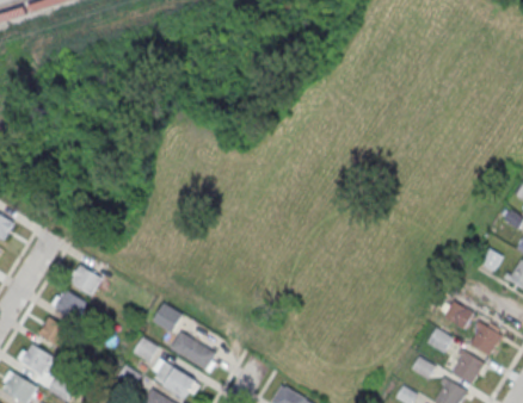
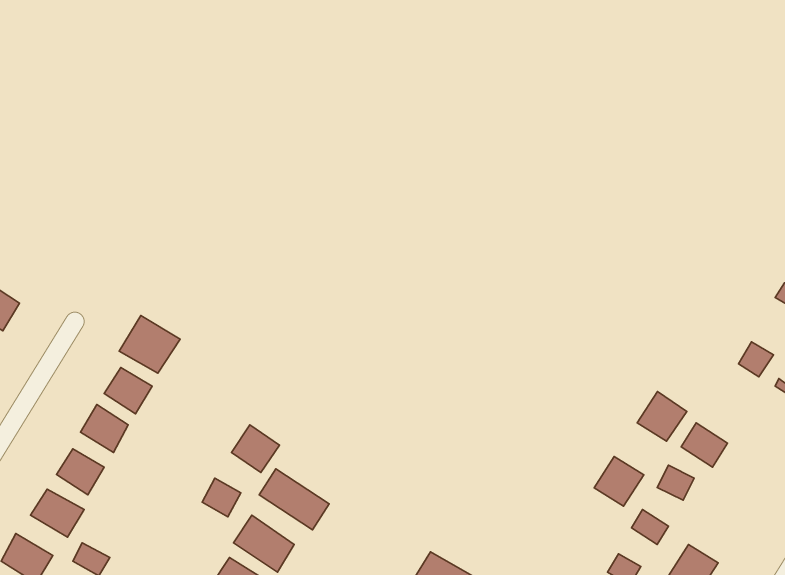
building: none -> [119,315,180,373]
building: [469,323,502,355] -> [637,391,687,441]
building: [451,352,484,384] -> [594,456,644,506]

